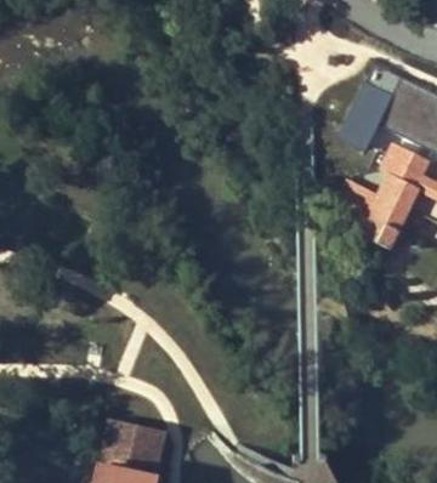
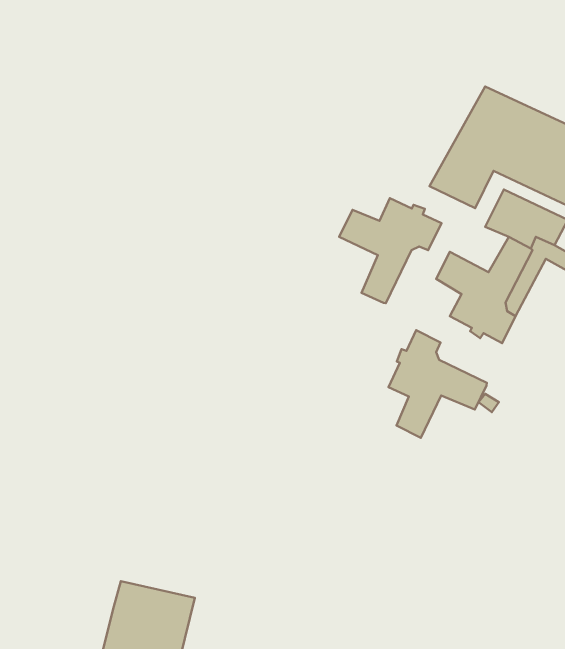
building: none -> [339,198,442,303]
building: none -> [389,330,487,438]

